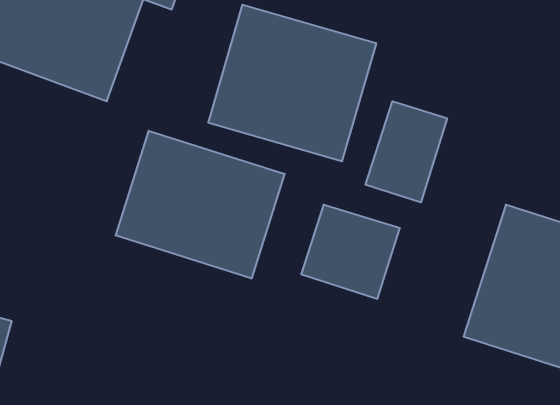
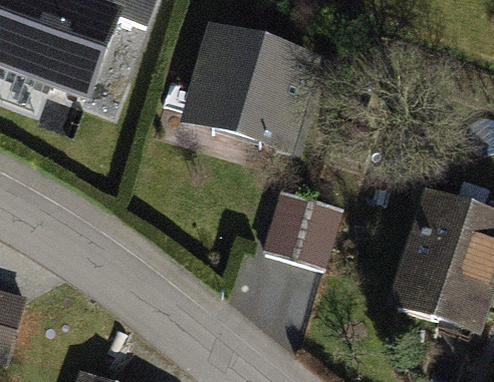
building: [365,101,447,202] -> none
building: [116,131,285,279] -> none

